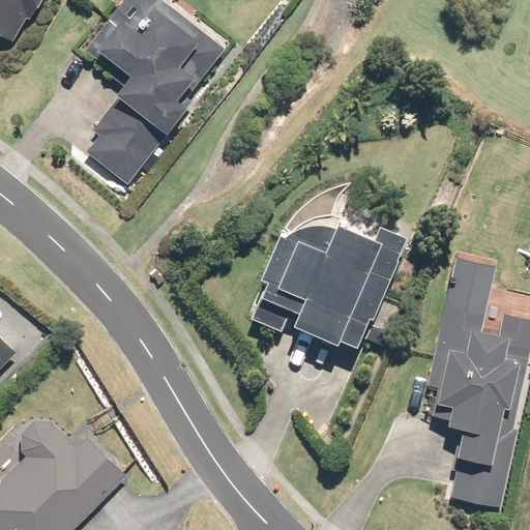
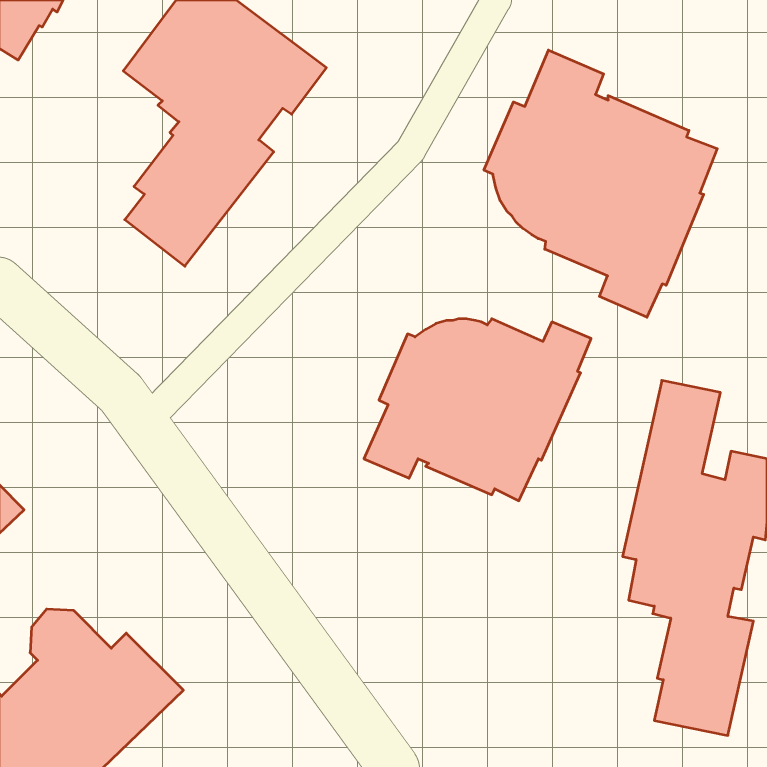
building: none -> [484,50,717,317]

